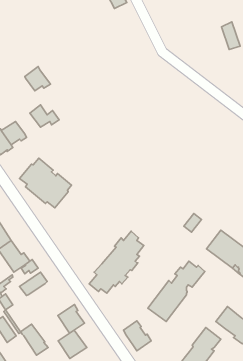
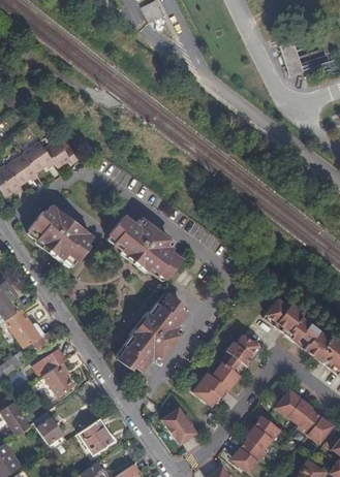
building: [25,66,51,91] -> [26,147,58,177]
building: none -> [112,219,183,282]
building: [58,305,85,333] -> [42,361,75,396]

